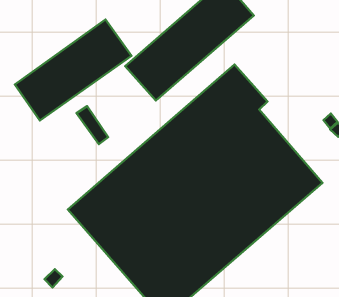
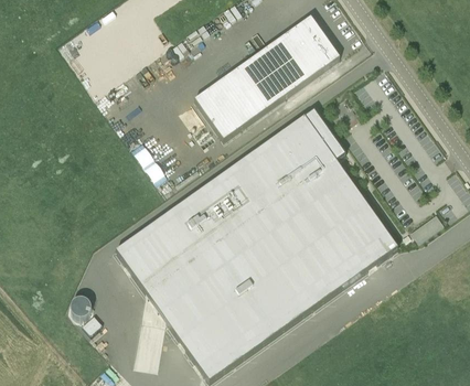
building: [15,19,131,120] -> none

